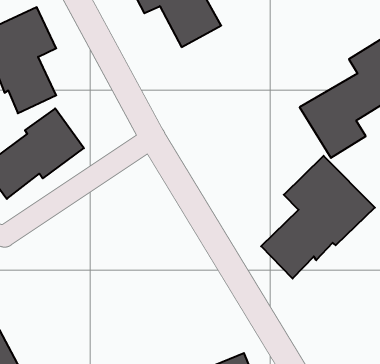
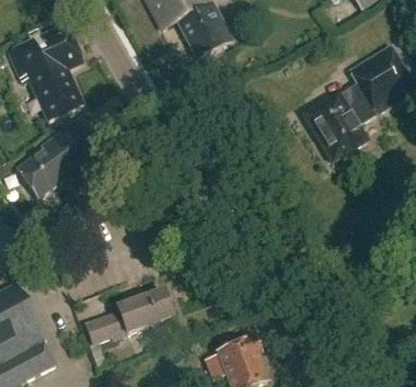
building: [261,156,375,279] -> none
building: none -> [84,289,173,342]

